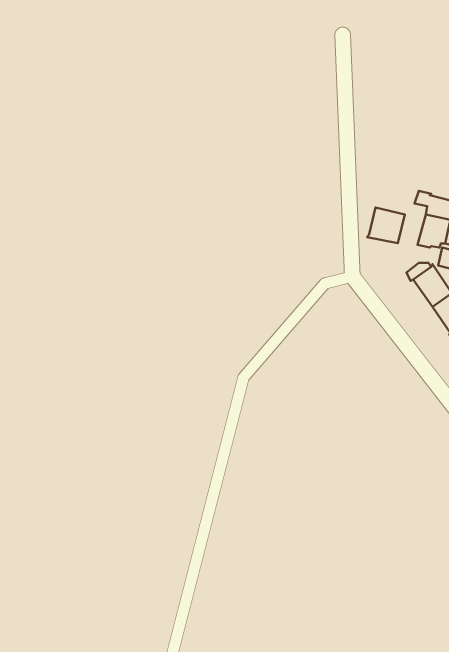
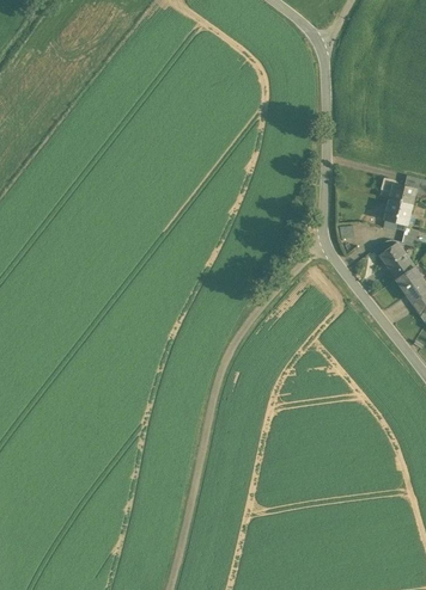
building: [367,207,405,243] -> none

